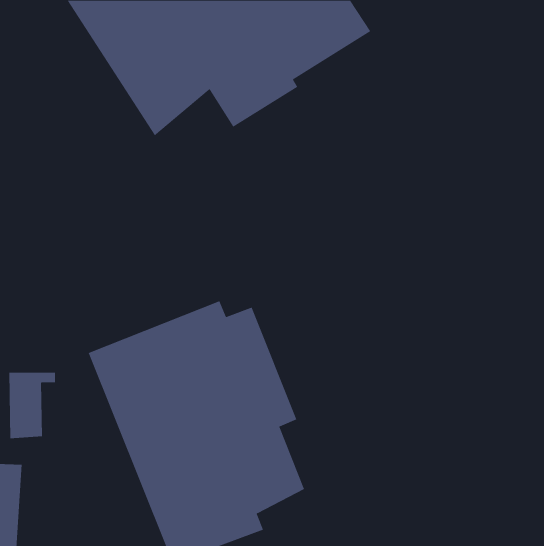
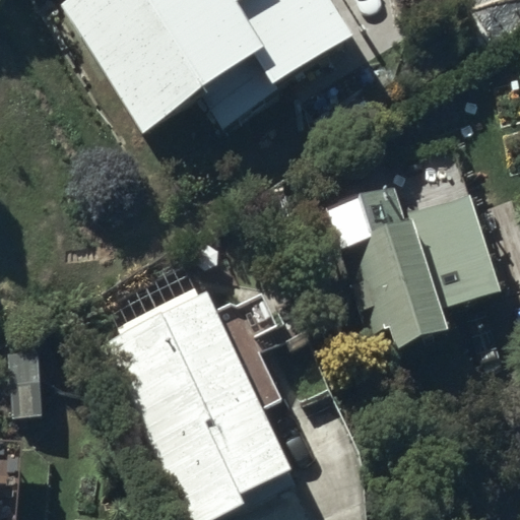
building: none -> [324,186,503,341]

